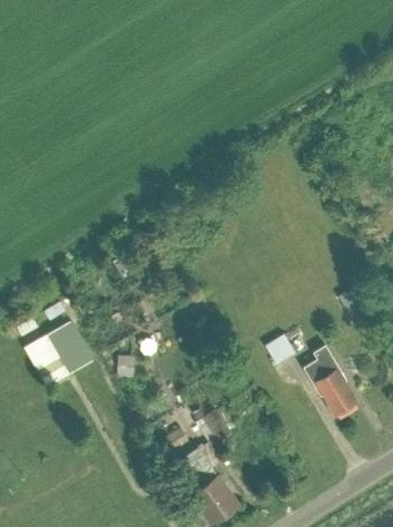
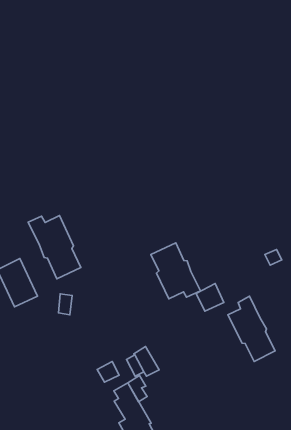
building: none -> [28,216,81,279]
building: none -> [151,243,201,299]

